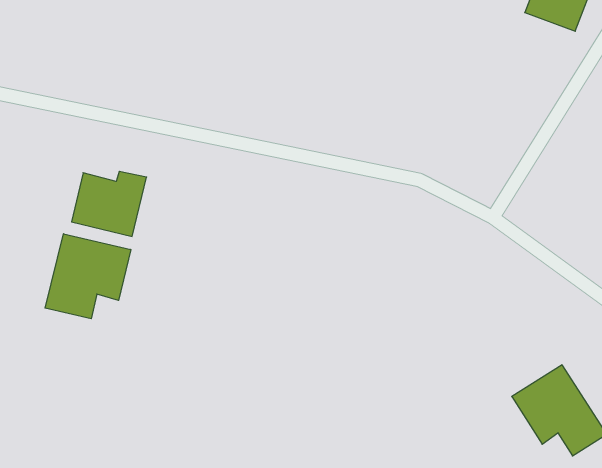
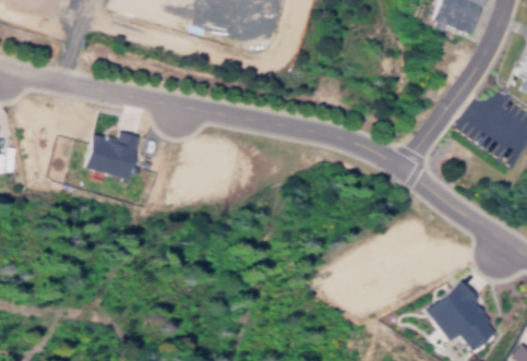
building: [45,234,131,319] -> none

